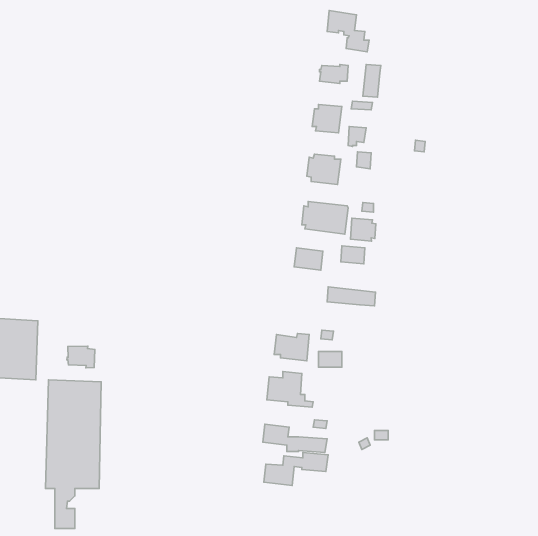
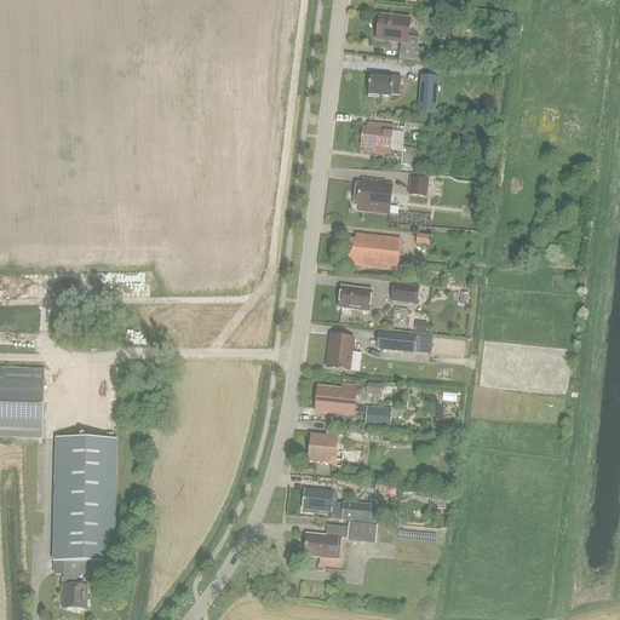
building: [350,218,376,241] -> none
building: none -> [328,333,361,372]
building: [67,346,95,368] -> none

